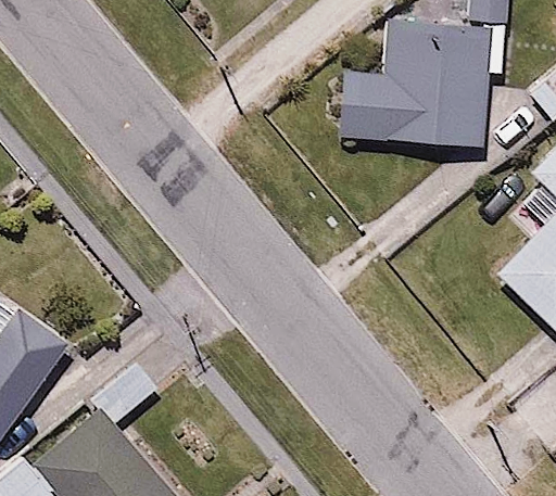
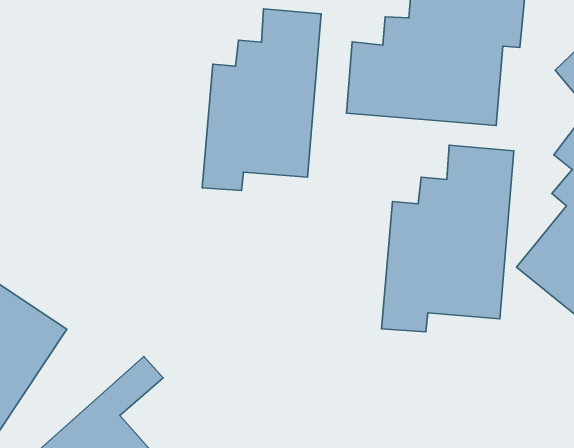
building: none -> [202,9,321,191]
building: none -> [382,145,514,332]

